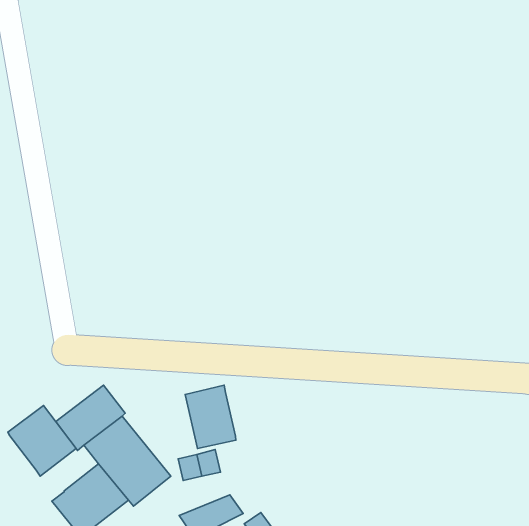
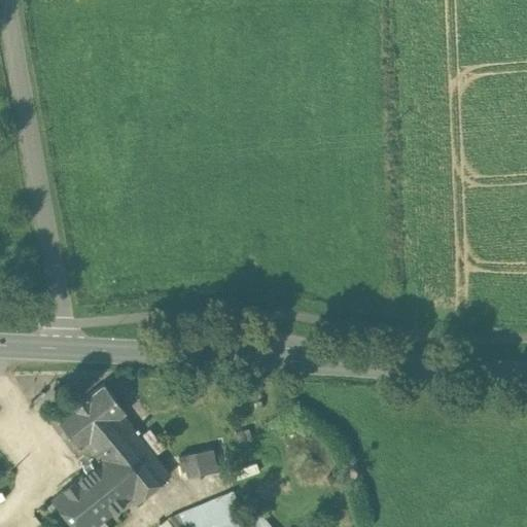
building: [185,385,236,449] -> none
building: [8,406,76,476] -> none

